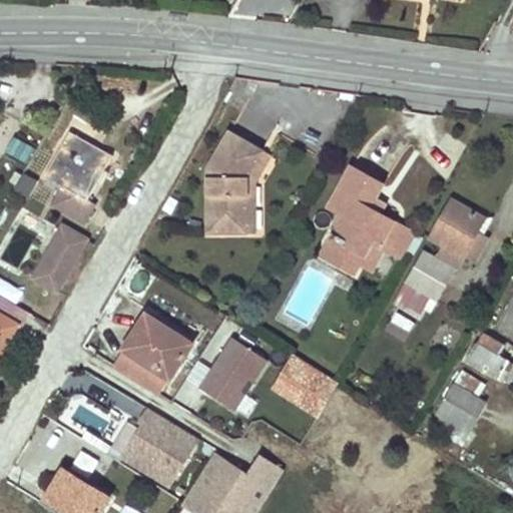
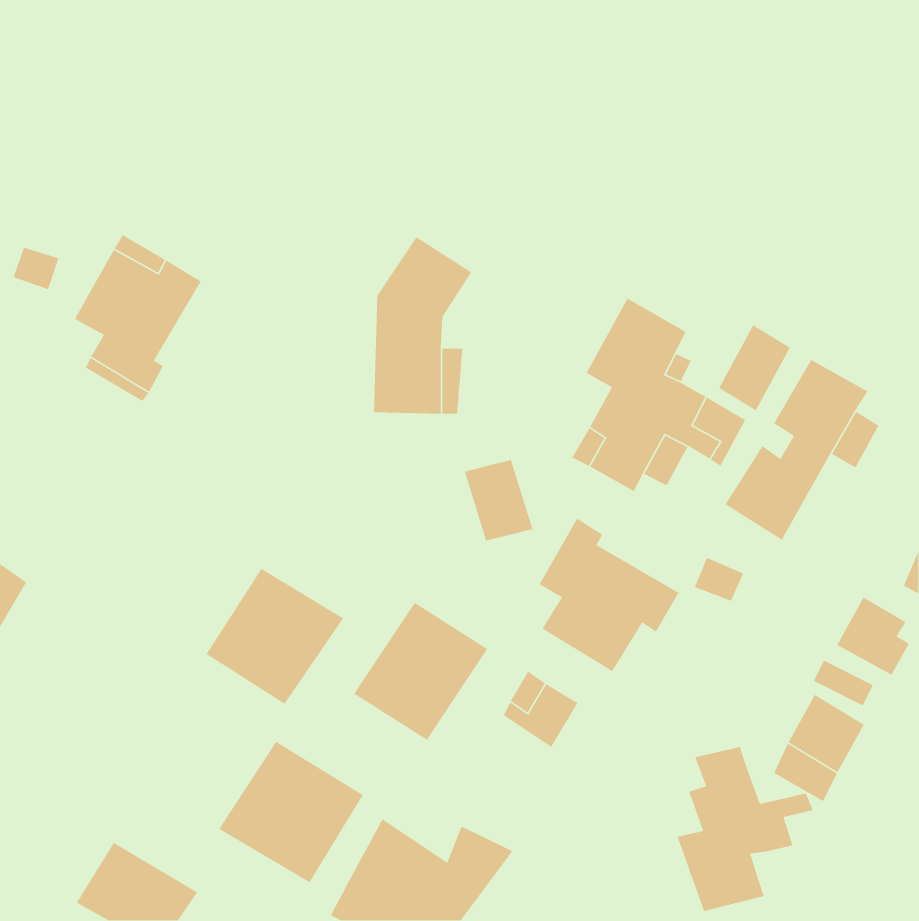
building: none -> [718,324,791,412]
building: [32,225,86,292] -> none
building: none -> [464,459,533,542]
building: none -> [538,517,680,672]
building: none -> [676,746,814,912]

